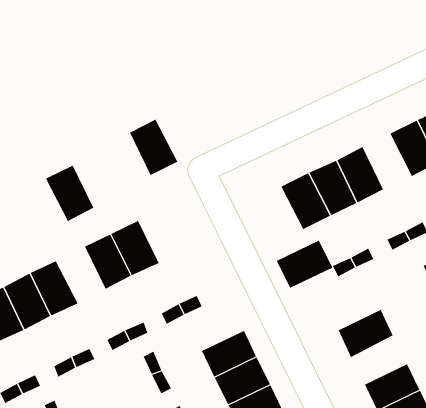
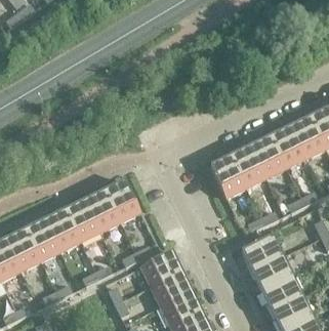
building: [129,119,178,176] -> [105,179,140,221]
building: none -> [270,126,305,167]
building: [45,165,94,222] -> [44,209,80,251]
building: [276,240,333,289] -> [241,235,283,271]
building: none -> [140,250,182,286]
building: none -> [260,275,302,311]

